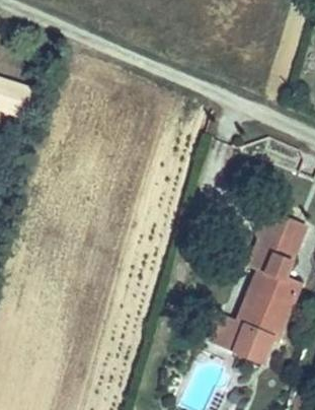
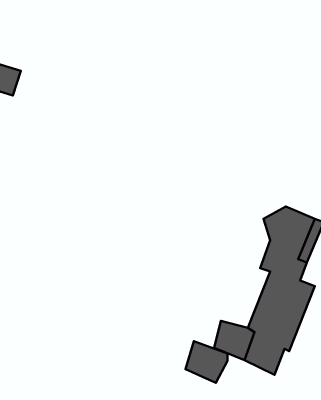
building: none -> [185,341,228,383]

